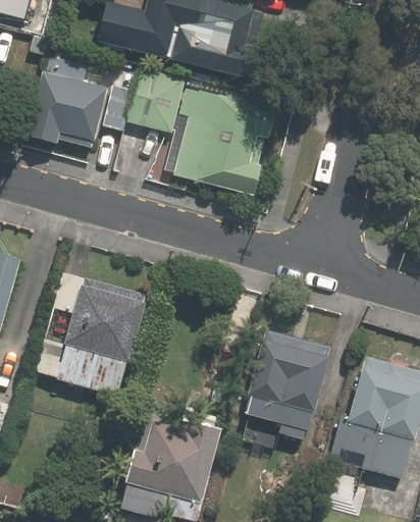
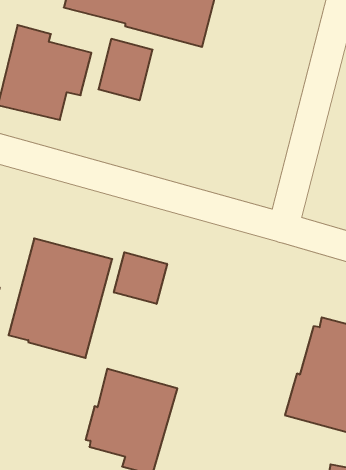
building: [176,86,277,195] -> none
building: none -> [114,252,167,304]
building: [242,328,329,442] -> none

